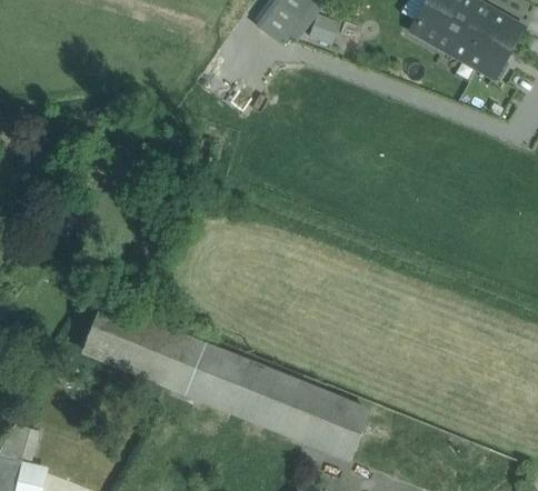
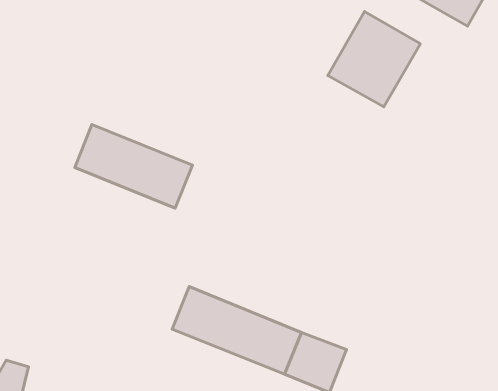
building: none -> [328,12,420,107]
building: [82,304,205,391] -> [75,125,192,208]

